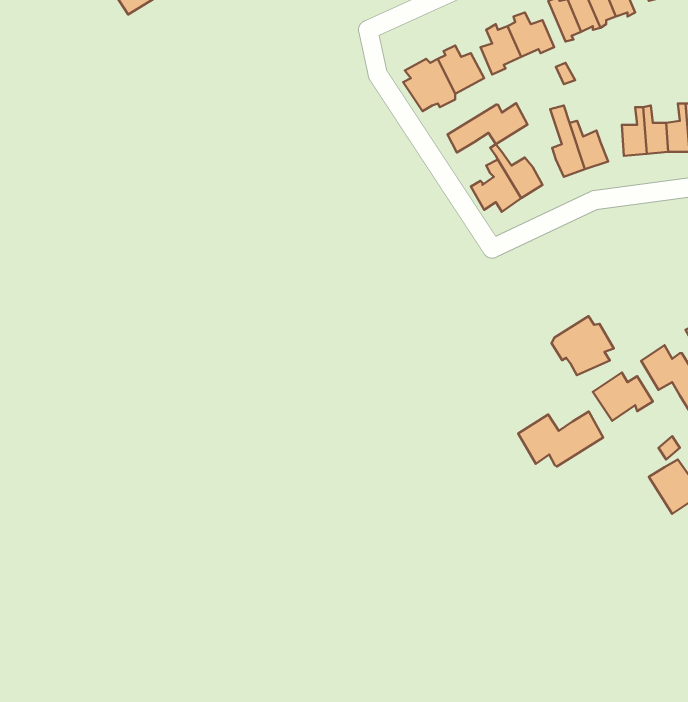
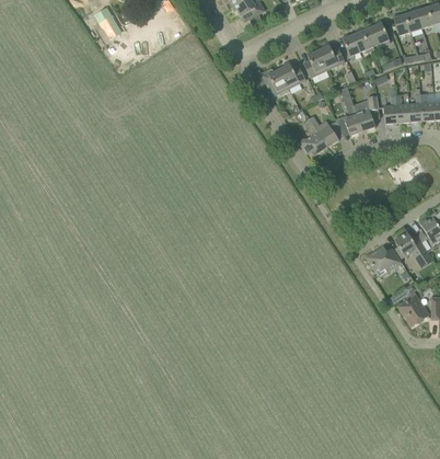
building: [448,103,528,153] -> none
building: [552,316,614,375] -> none
building: [518,412,603,466] -> none

